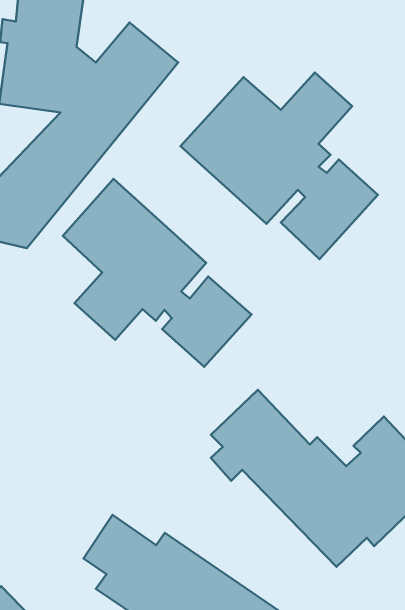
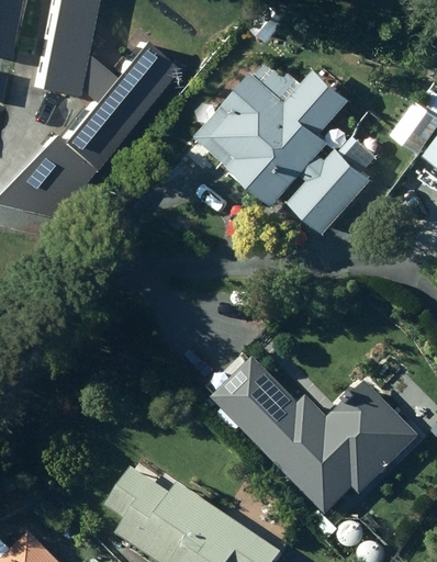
building: [63,179,251,367] -> none

